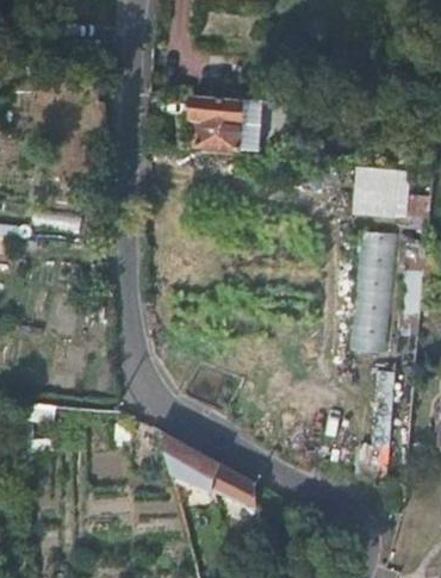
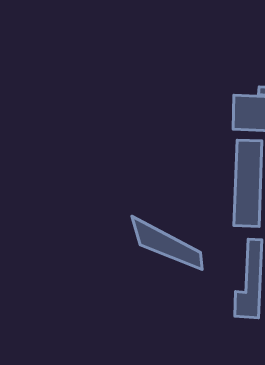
building: [192,95,242,148] -> none
building: [162,434,261,509] -> [132,216,202,269]

